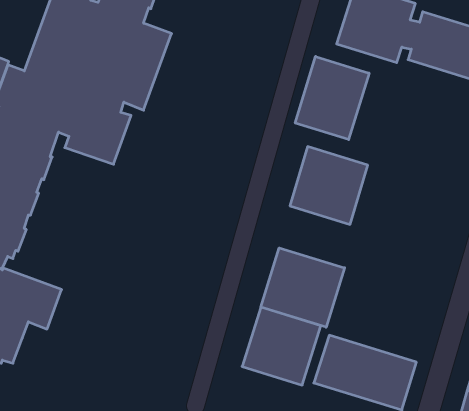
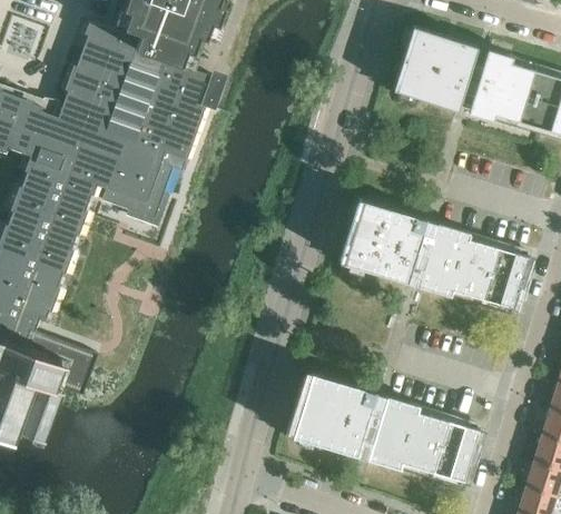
building: [295,56,369,140] -> none
building: none -> [420,229,529,309]
building: [261,248,345,327] -> none

